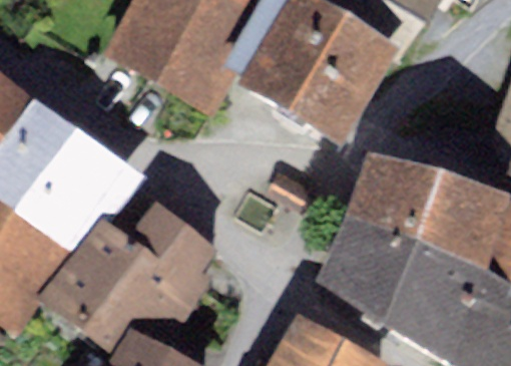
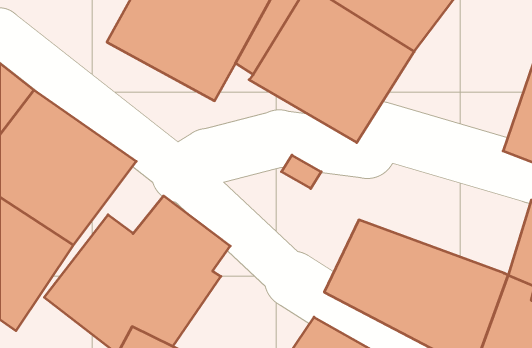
building: [345,162,505,276] -> none

